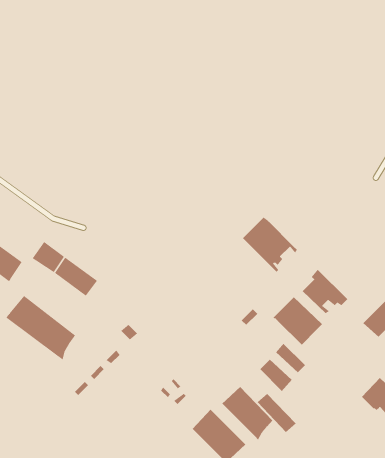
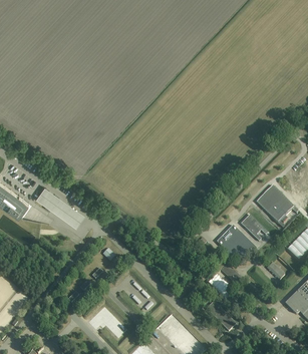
building: [242,217,298,272] -> [256,185,298,227]
building: [5,295,76,361] -> none
building: [221,386,273,440] -> none

